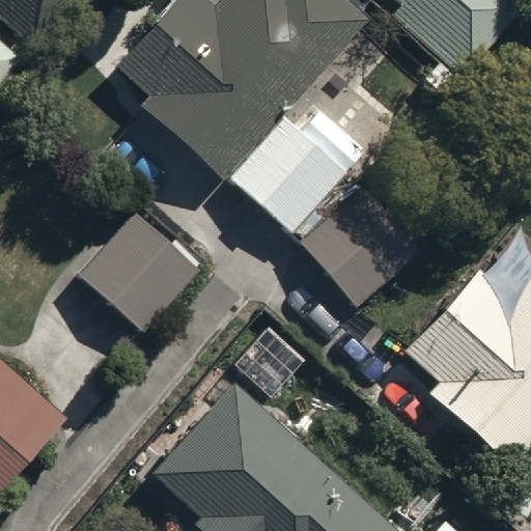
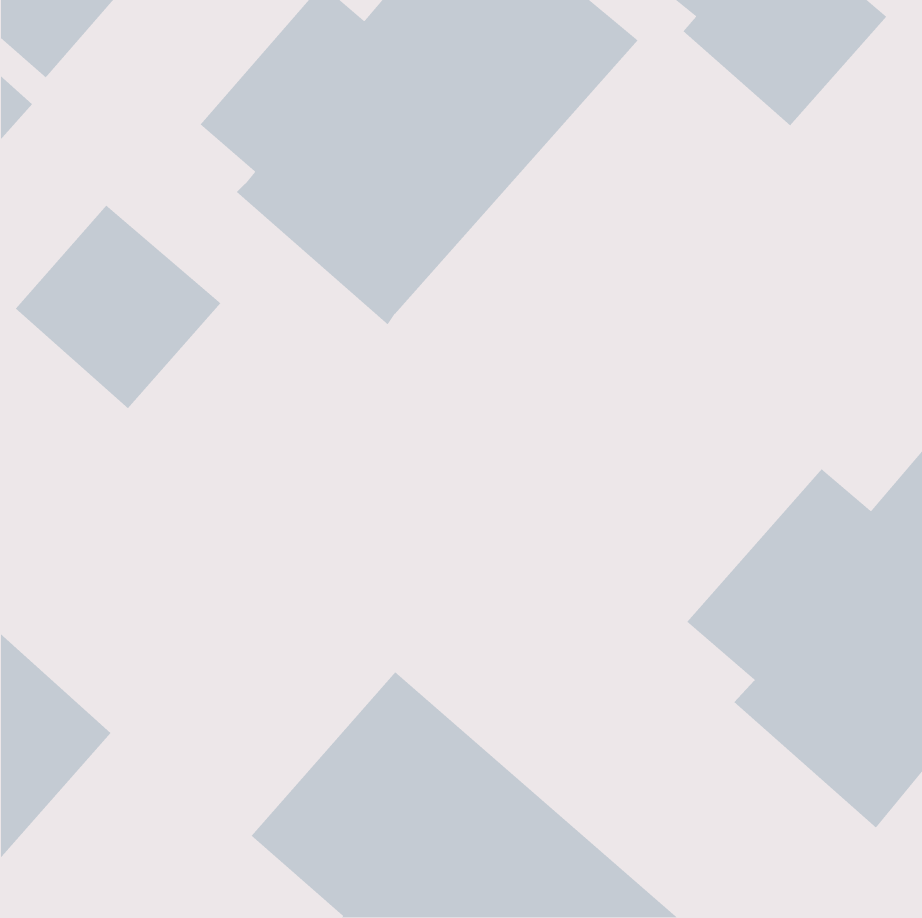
building: [231,99,364,232] -> none
building: [302,195,411,304] -> none
building: [82,213,199,329] -> [15,204,221,409]

